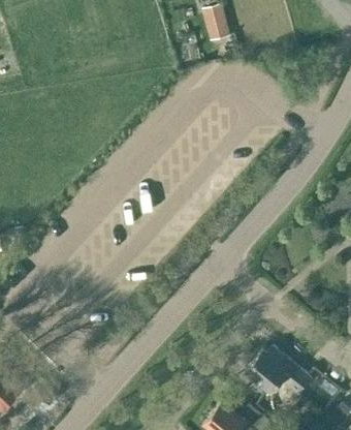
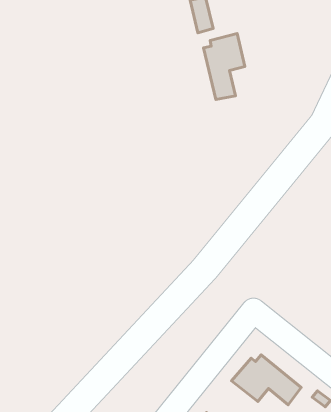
building: none -> [204,33,245,100]

